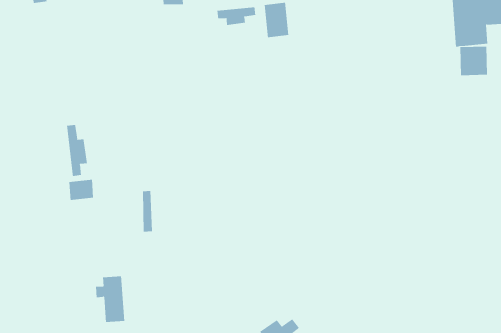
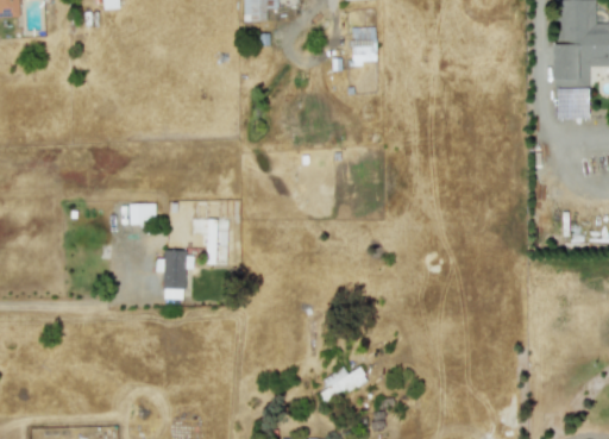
building: [217,6,256,26] -> none
building: [67,124,88,177] -> none
building: [95,276,125,323] -> [156,250,186,299]

